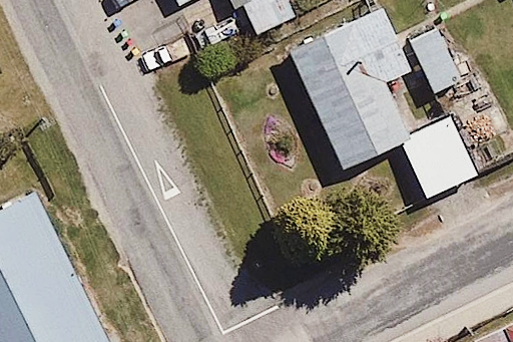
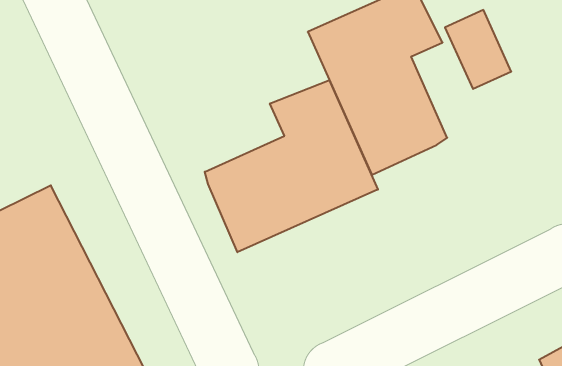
building: none -> [205,80,378,252]
building: [399,118,480,203] -> none

